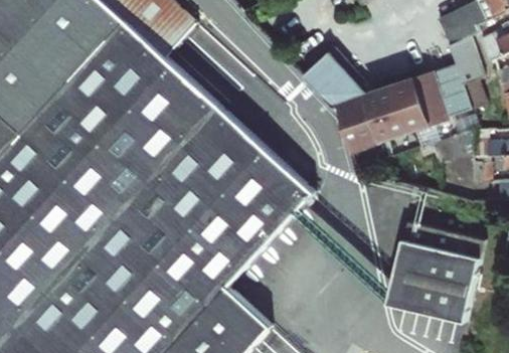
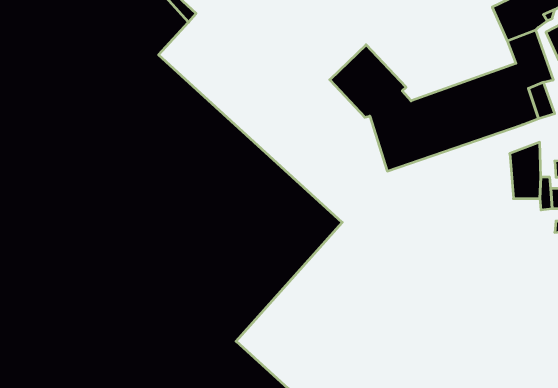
building: [386,219,483,321] -> none

